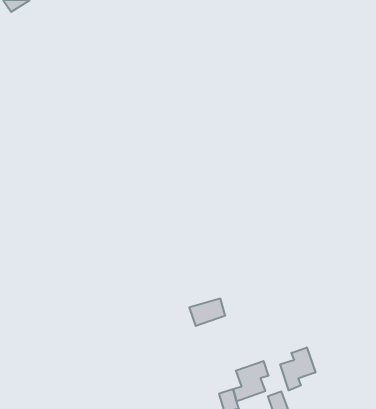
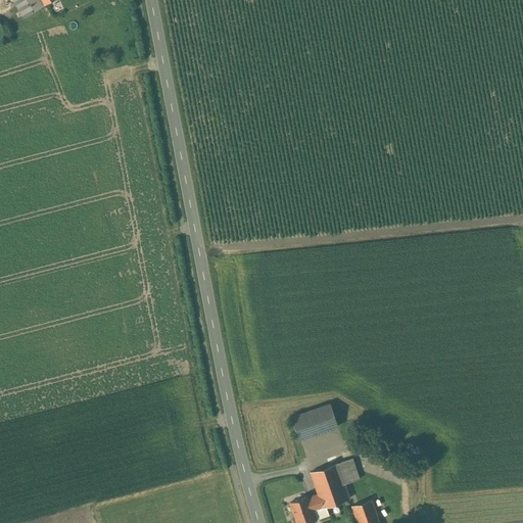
building: [189,299,225,326] -> [291,405,337,439]
building: [280,347,315,390] -> none

